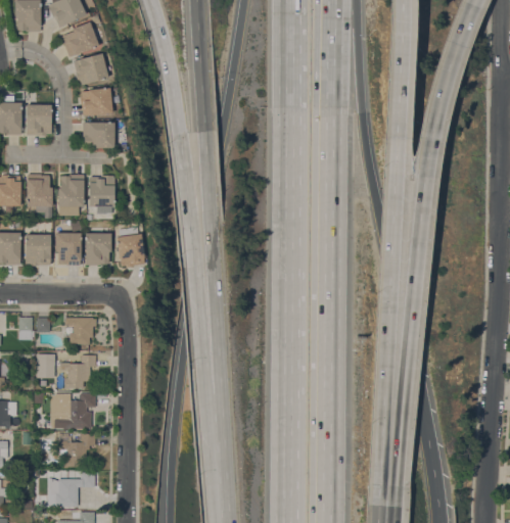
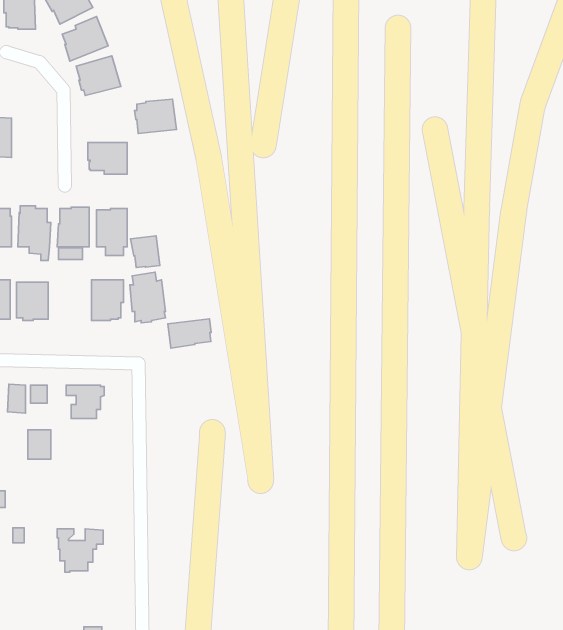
building: [79,88,112,115] -> [134,99,176,133]
building: [26,104,51,136] -> none
building: none -> [131,236,160,267]
building: [54,233,81,266] -> none
building: none -> [168,319,211,348]
building: [59,355,95,389] -> none
building: [53,393,95,428] -> none
building: [47,472,94,507] -> none

